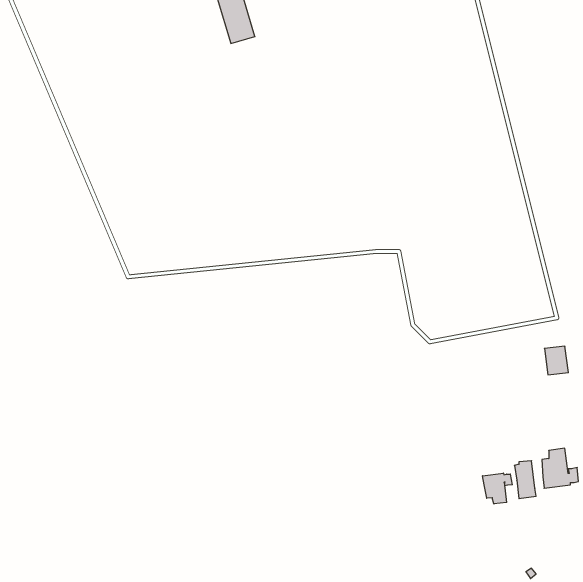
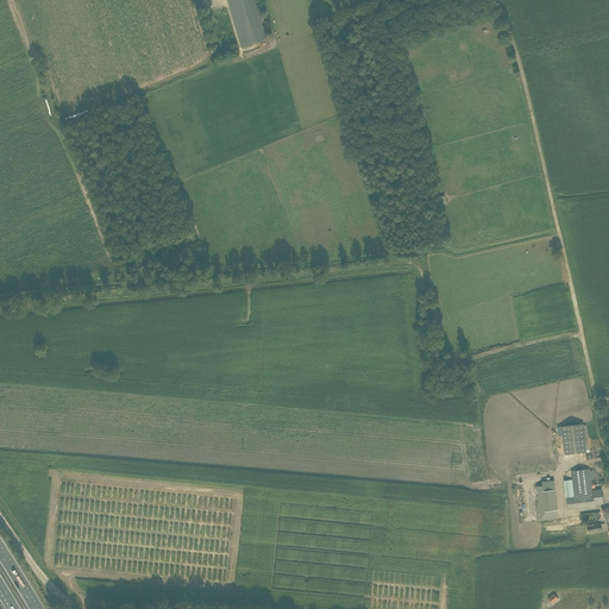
building: [544,346,568,375] -> [560,422,585,452]
building: [483,473,512,504] -> none

